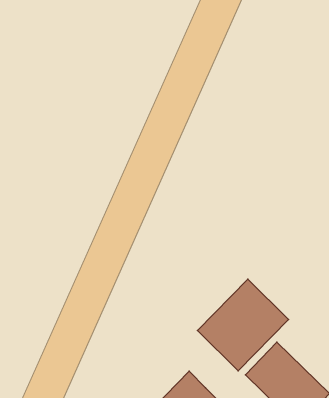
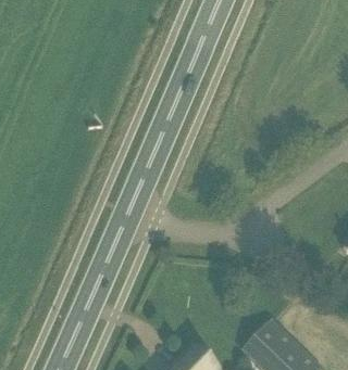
building: [198,279,288,371] -> none

